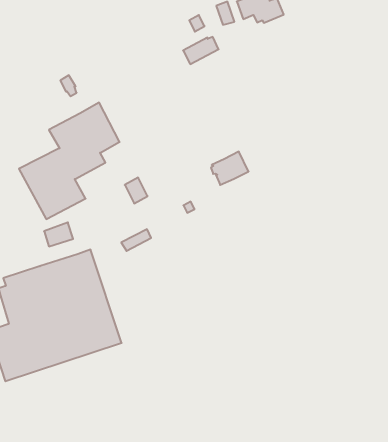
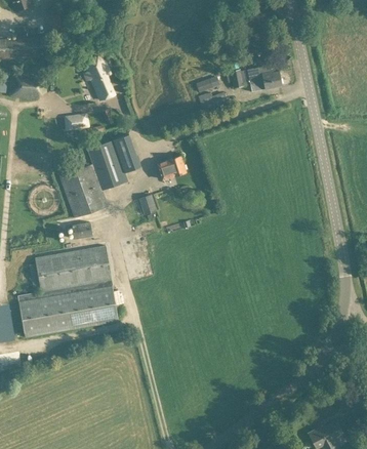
building: none -> [86,58,115,100]
building: none -> [64,112,89,130]
building: [211,152,249,185] -> [157,156,186,179]

